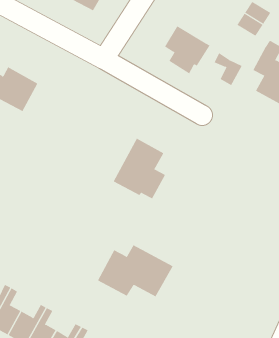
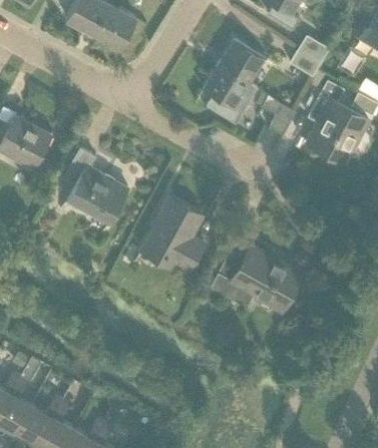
building: none -> [218,40,268,85]
building: none -> [64,148,128,226]
building: [97,244,174,297] -> [211,245,302,308]

